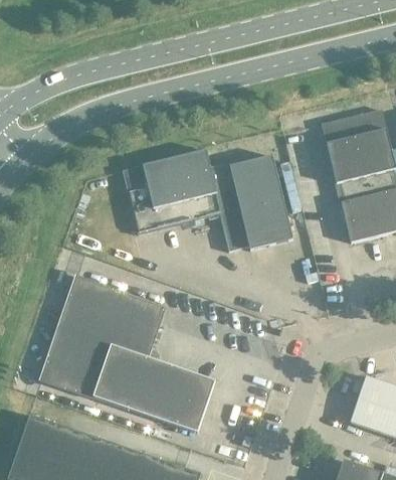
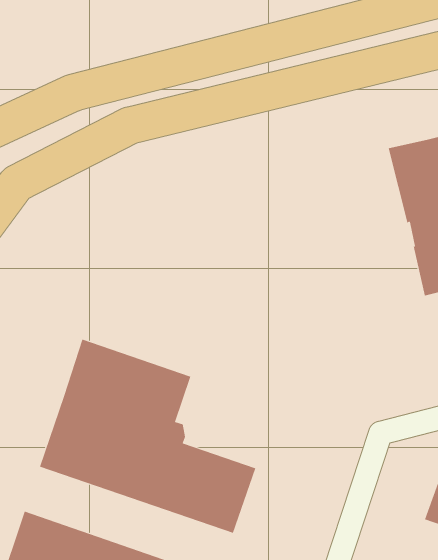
building: [122,151,292,252] -> none

